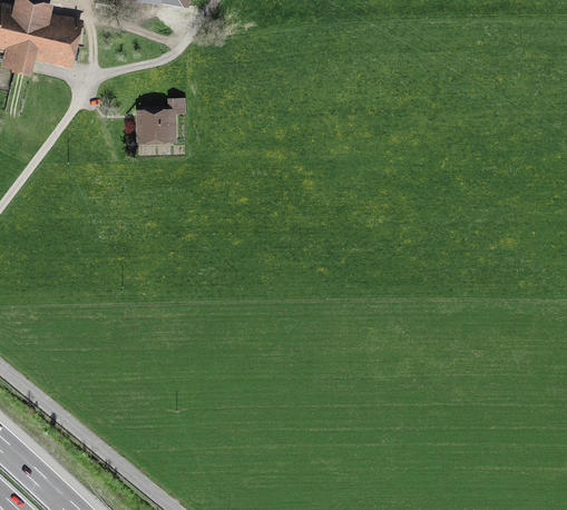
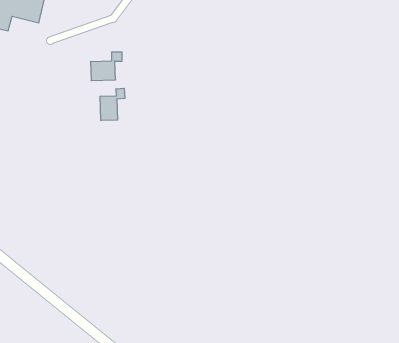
building: none -> [100,88,125,121]

